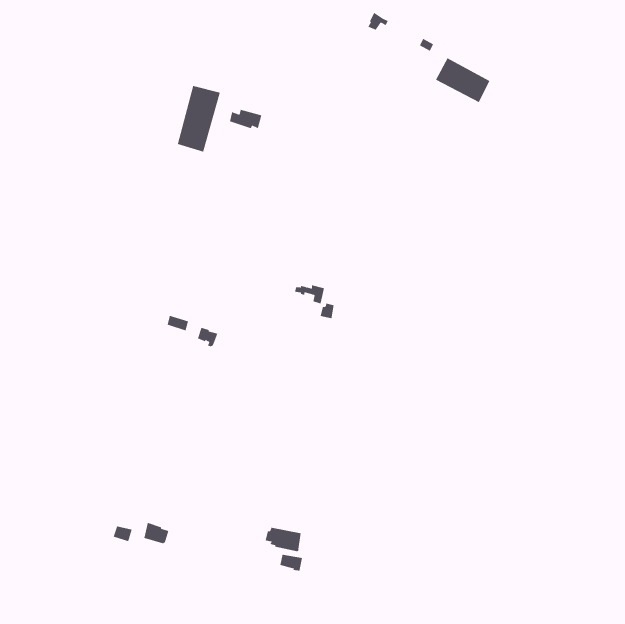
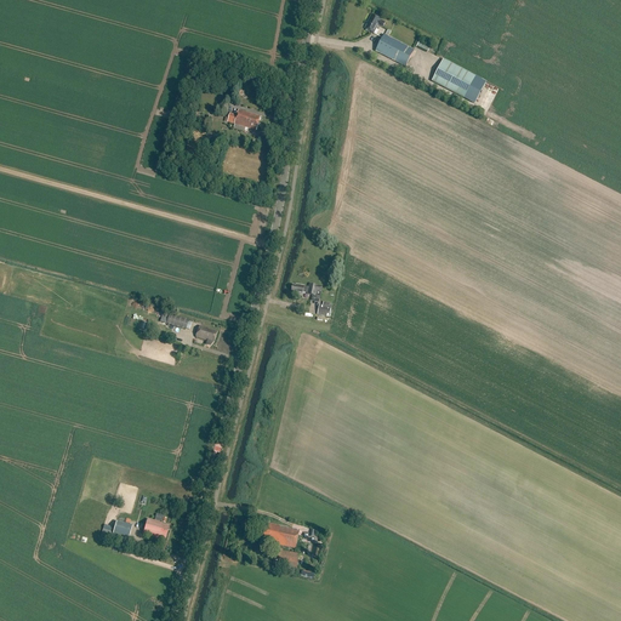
building: none -> [375,33,414,65]
building: [177,85,220,152] -> none

